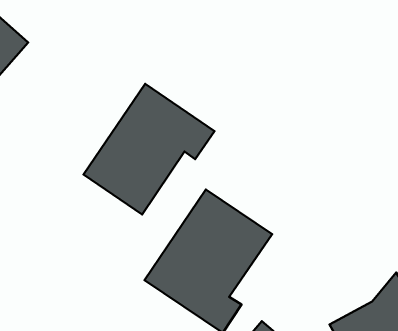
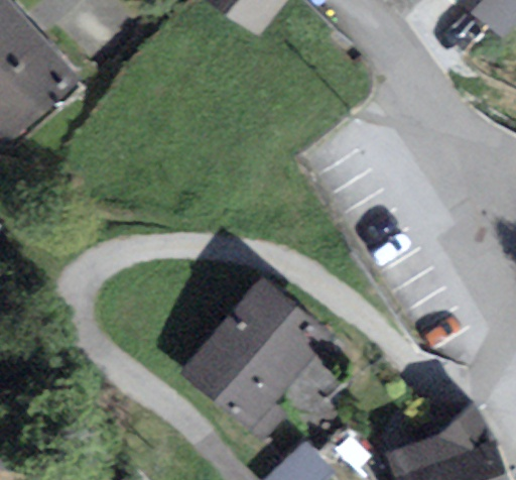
building: [84,84,214,214] -> none

